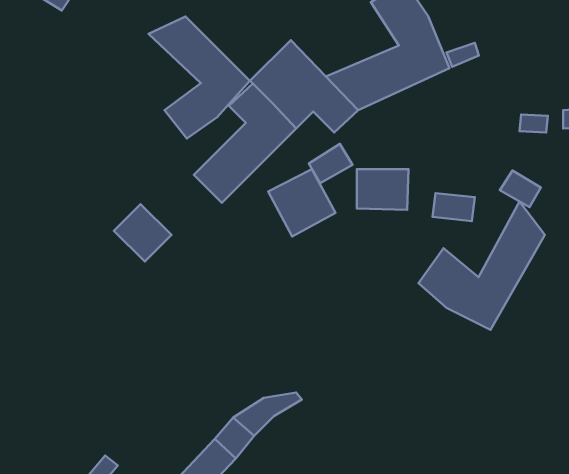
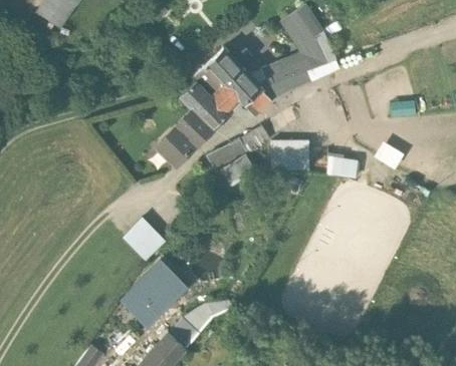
building: [149,16,250,138] -> none
building: [418,201,545,330] -> none
building: [114,204,172,262] -> [124,219,165,260]
building: none -> [123,260,187,324]

